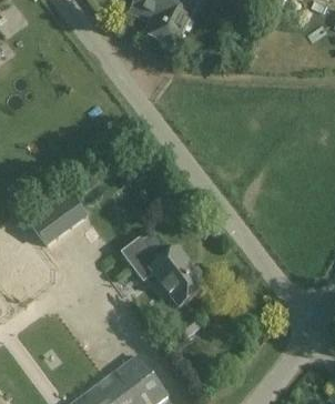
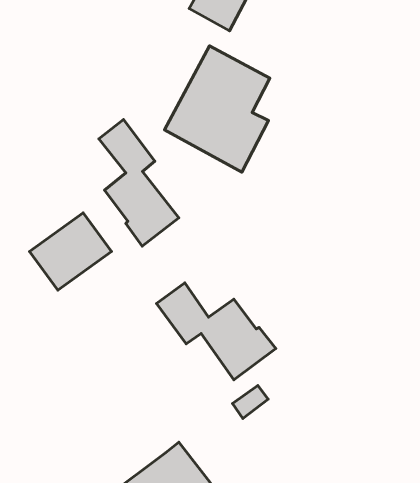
building: none -> [165,46,270,172]
building: none -> [99,120,179,246]

